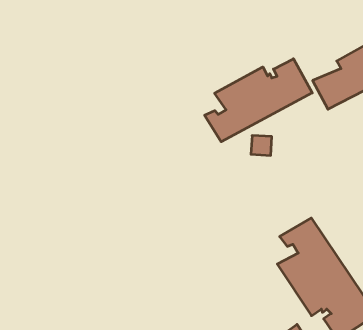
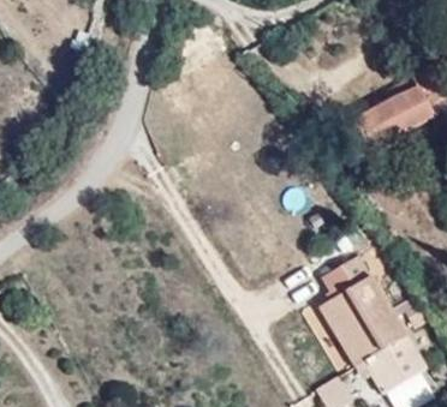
building: [205,59,312,142] -> none

